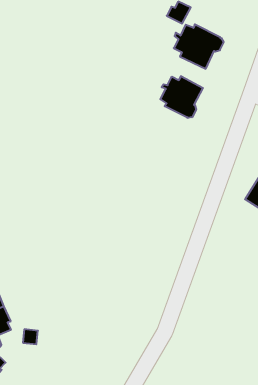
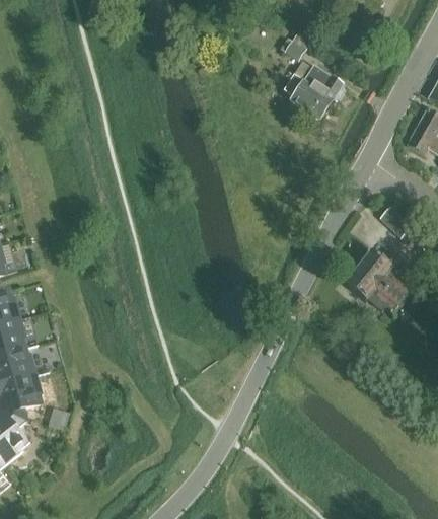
building: [160,76,203,118] -> none

